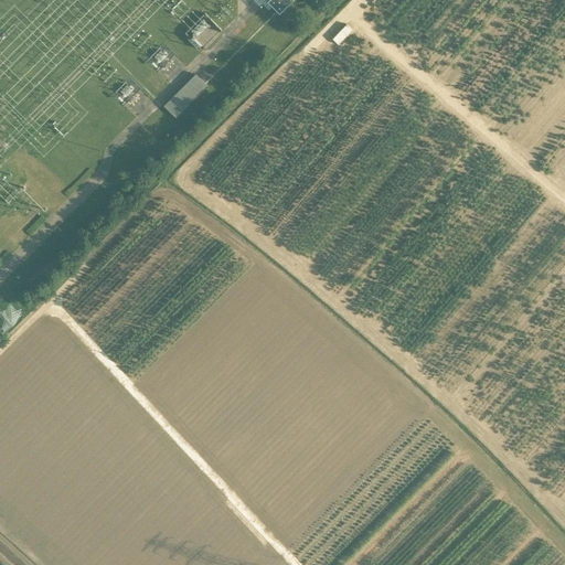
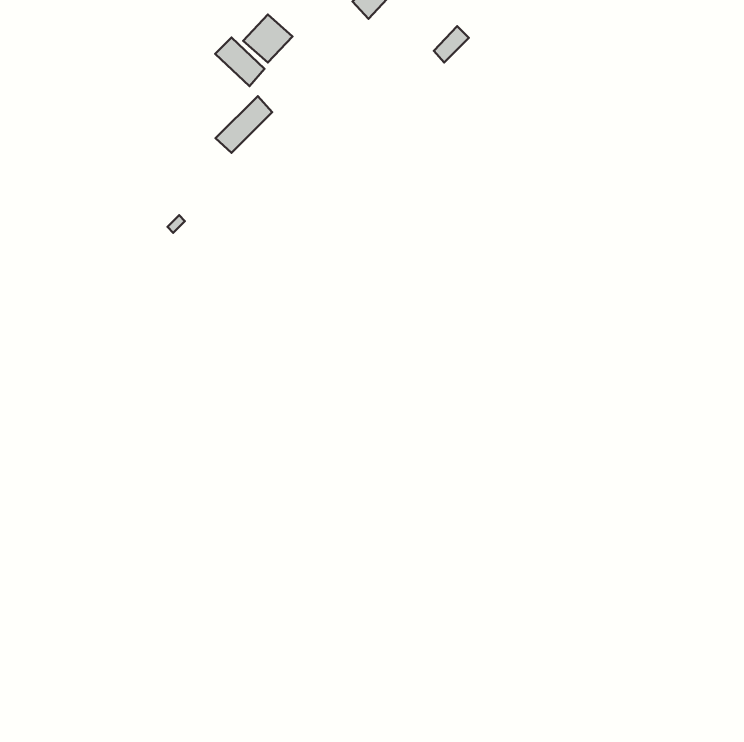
building: none -> [215,38,265,86]

